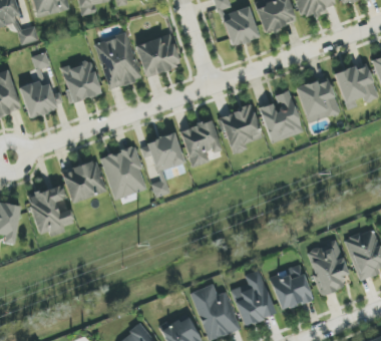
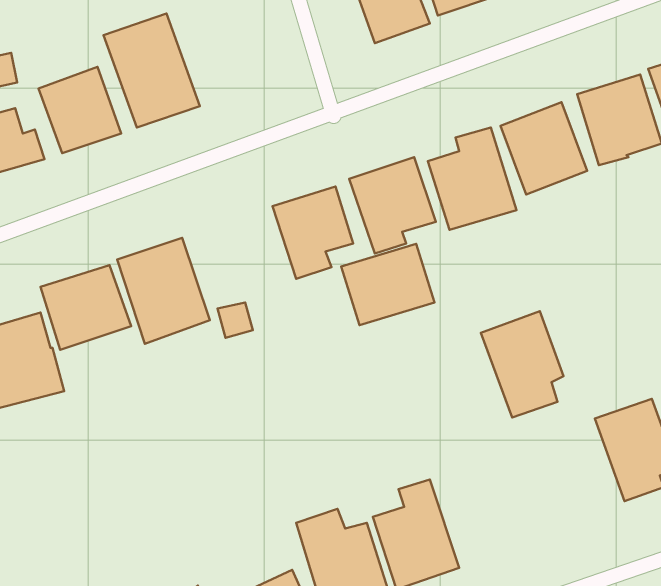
building: [135,33,180,76] -> none
building: [145,131,184,172] -> none
building: none -> [341,244,435,325]
building: [306,240,348,294] -> [481,311,563,417]
building: [269,264,313,310] -> none

